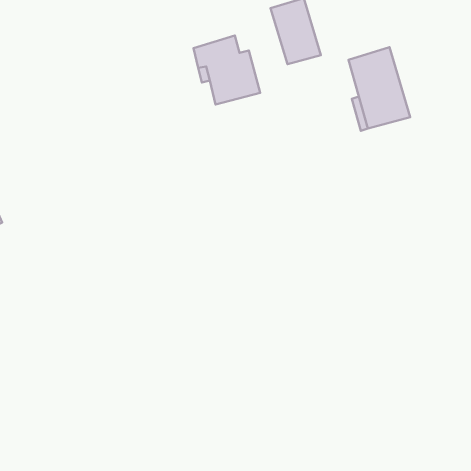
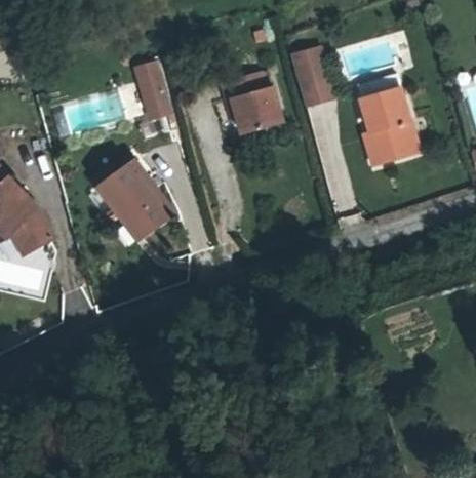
building: none -> [133,59,170,117]
building: none -> [98,158,174,235]

